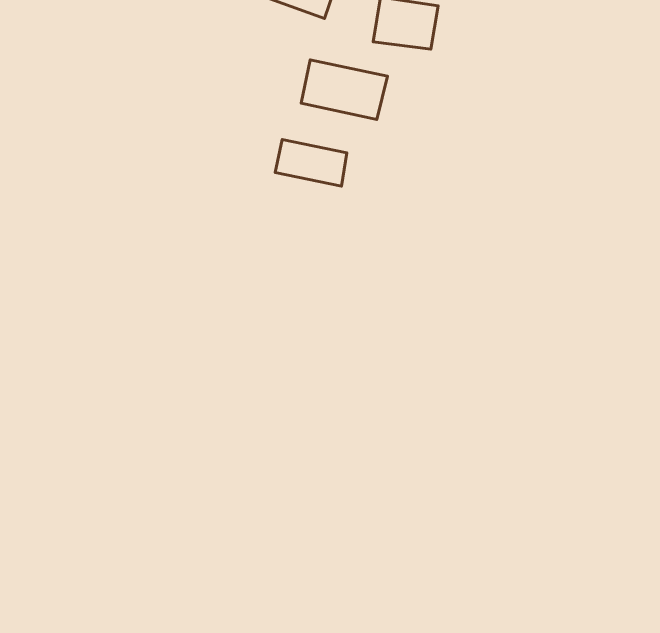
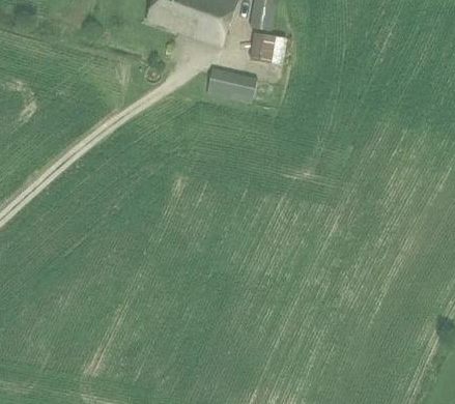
building: [275,139,347,186] -> none

